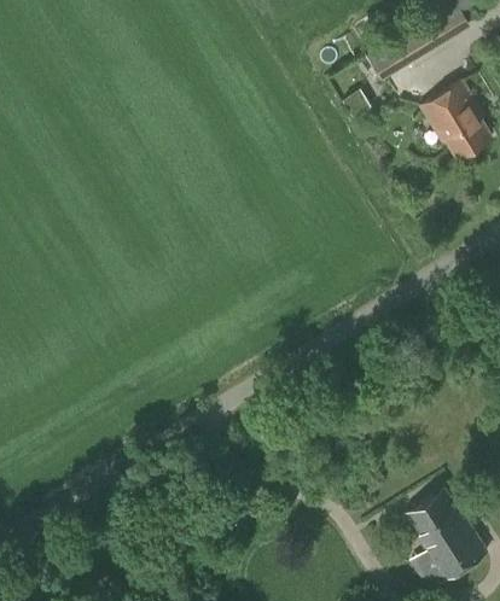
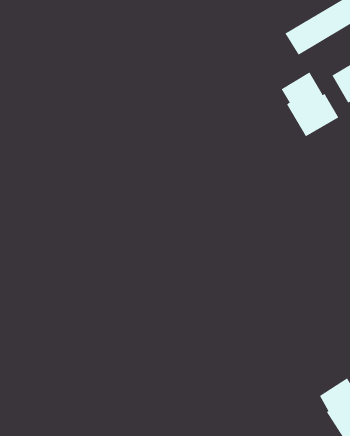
building: none -> [281,71,339,137]

